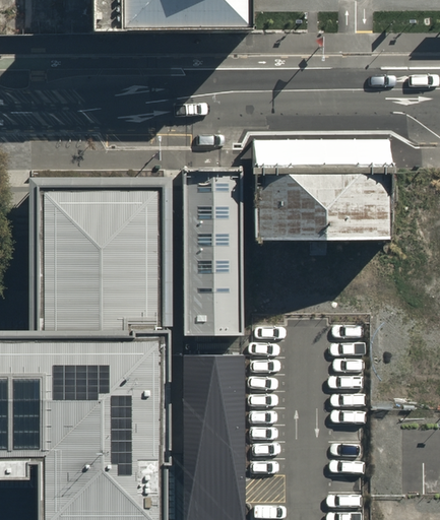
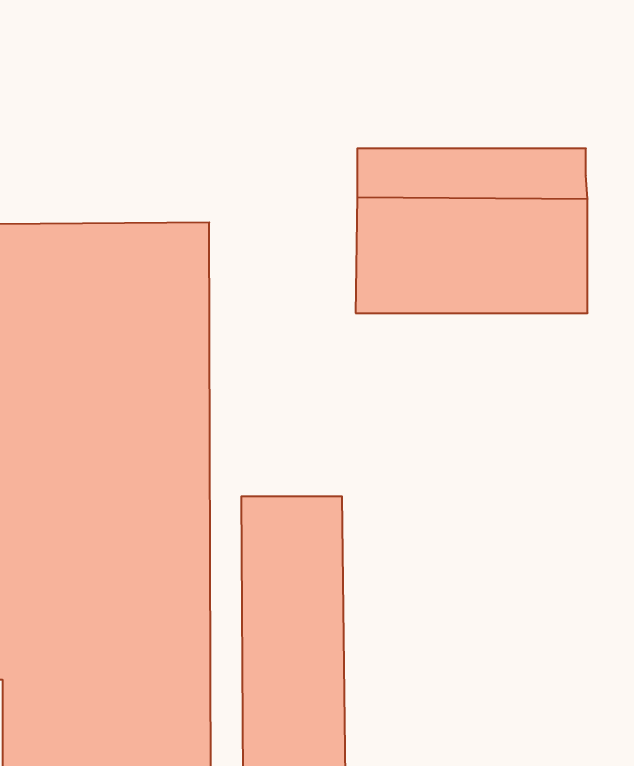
building: [181,170,241,335] -> none

